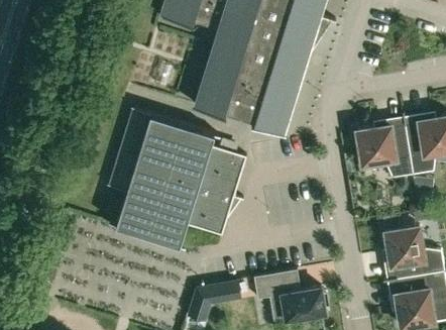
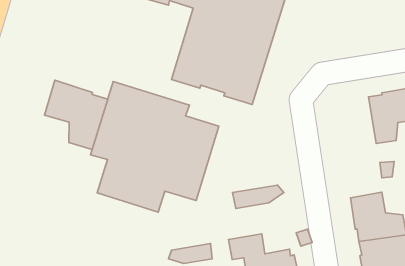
building: none -> [45,80,108,149]
building: [356,126,412,180] -> none
building: none -> [232,185,284,208]

